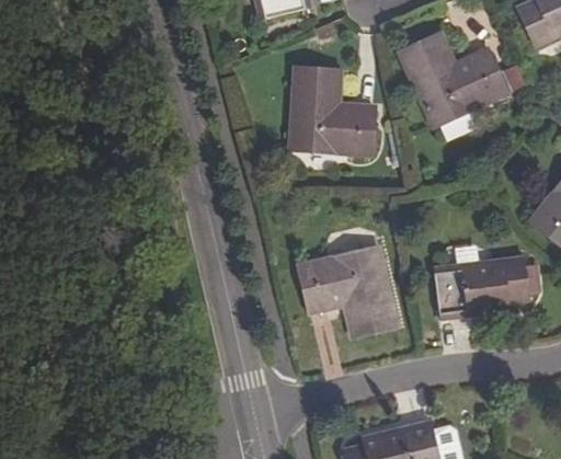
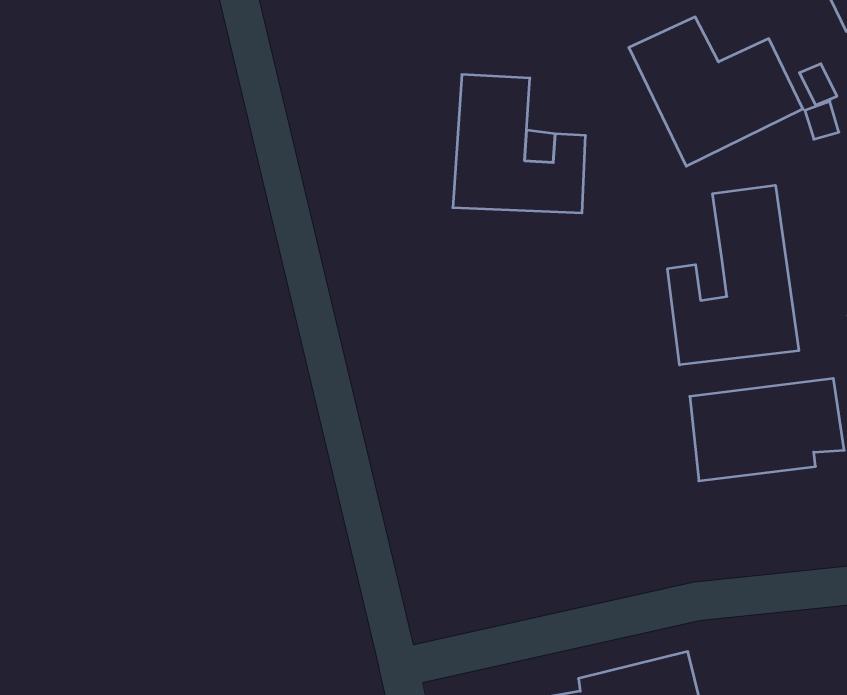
building: none -> [668,185,799,365]
building: [301,245,398,335] -> none

